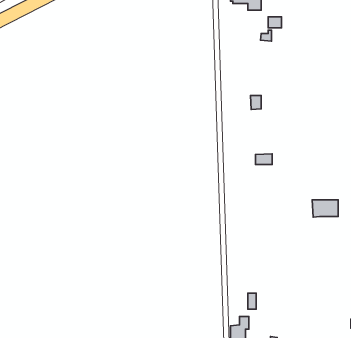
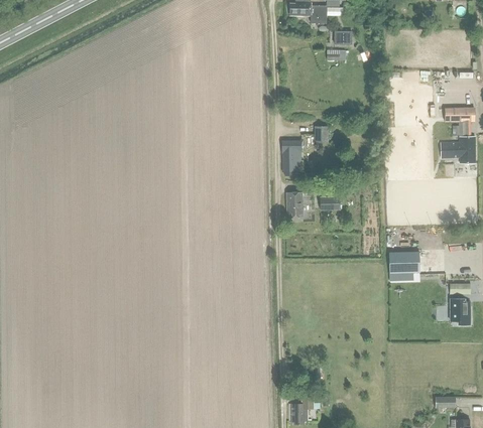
building: none -> [282,140,300,175]
building: none -> [286,191,303,218]

